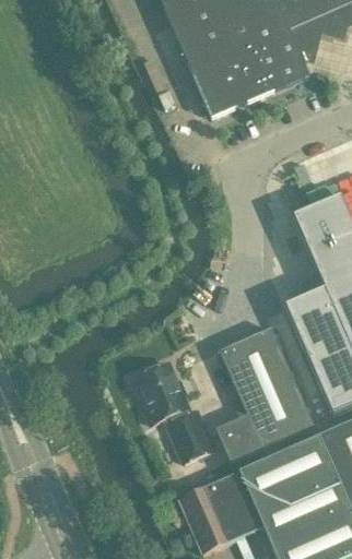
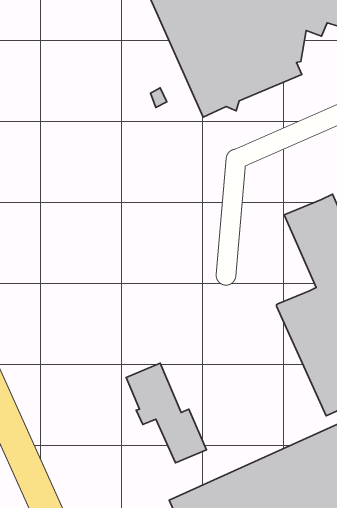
building: [215,326,314,460] -> none

